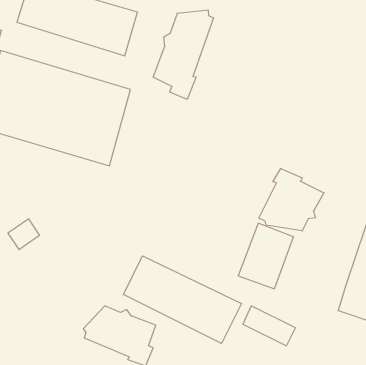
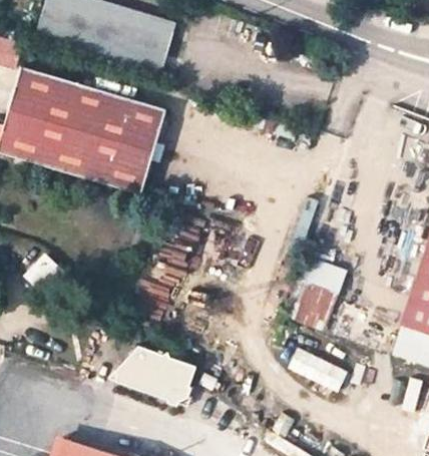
building: [153,10,213,99] -> none
building: [259,168,324,231] -> none
building: [124,256,242,344] -> none

